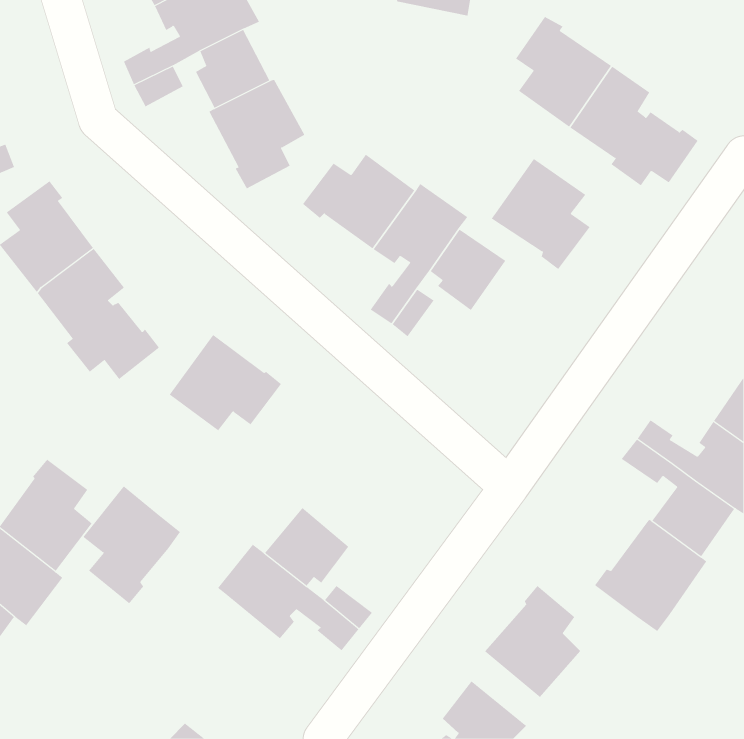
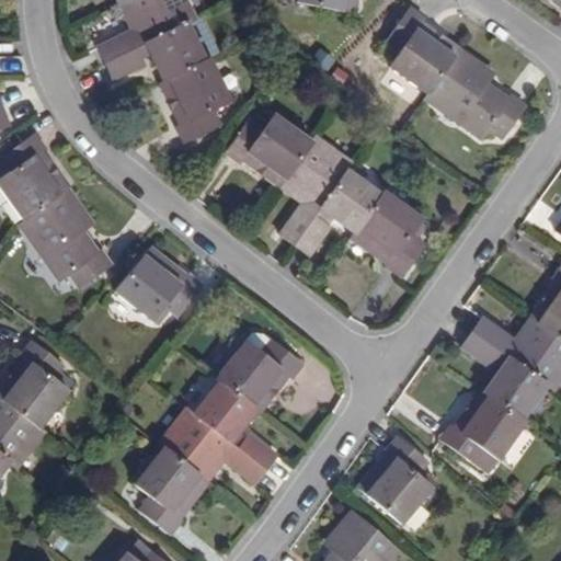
building: [491,158,591,270] -> [348,192,423,275]
building: none -> [219,340,305,410]
building: [82,485,181,604] -> [136,443,209,531]

